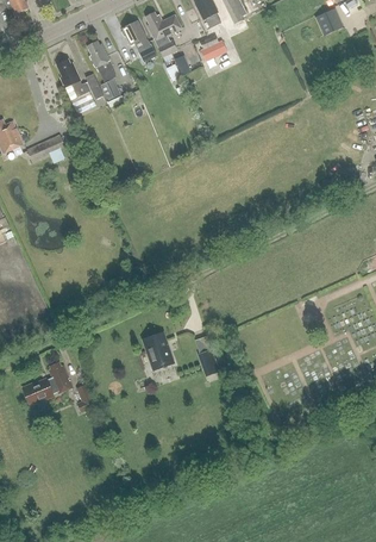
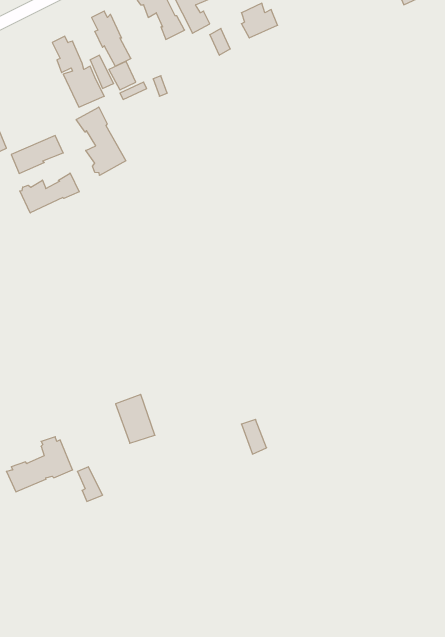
building: none -> [76,107,126,175]
building: none -> [20,173,79,213]
building: [143,331,173,368] -> [116,394,155,443]

